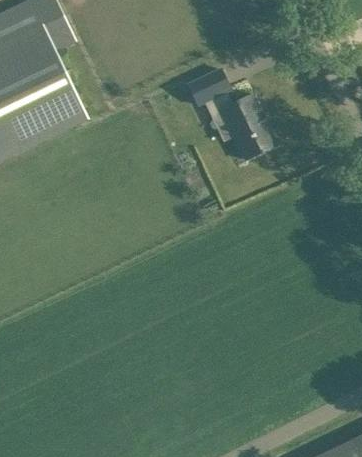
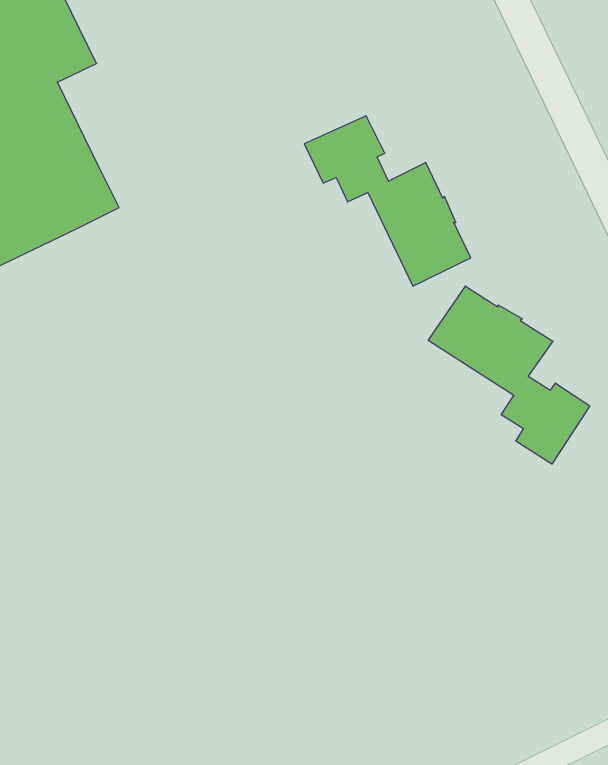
building: none -> [428,286,590,464]

